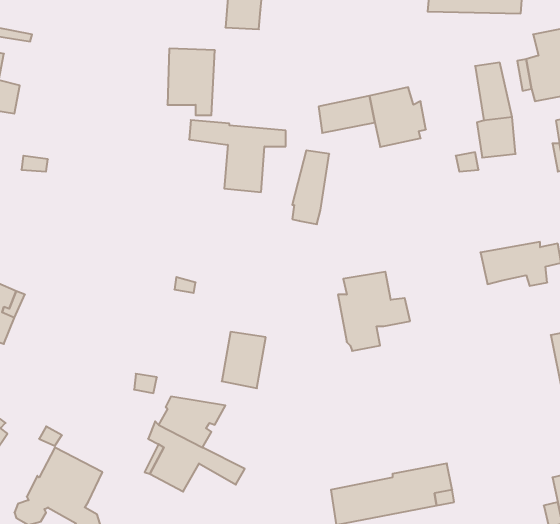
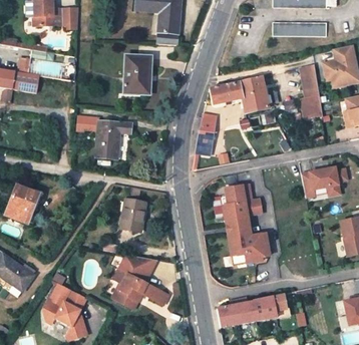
building: [189,120,286,192] -> [75,117,130,158]
building: [222,332,266,388] -> [119,200,144,232]
building: none -> [227,226,269,264]

